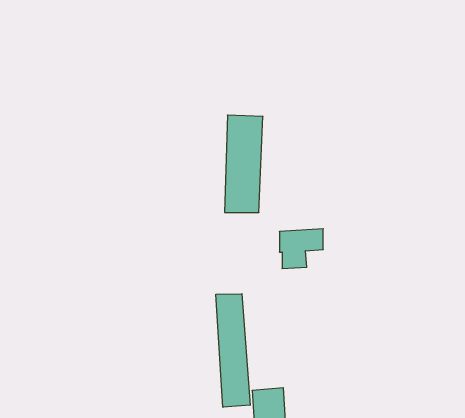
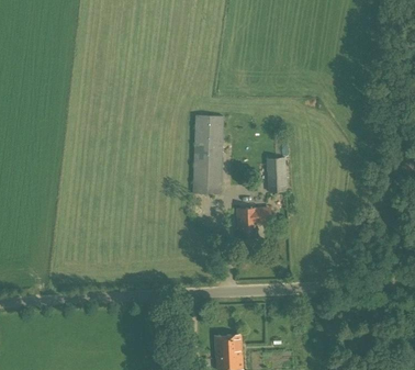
building: none -> [267,157,287,192]
building: [216,294,250,407] -> none

